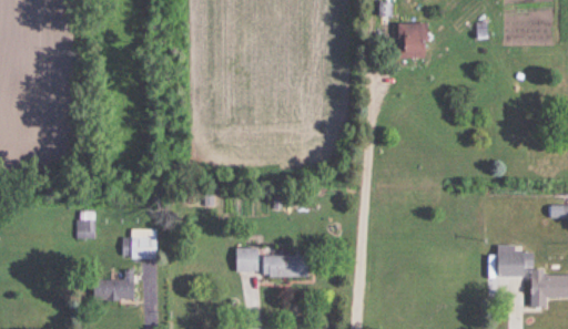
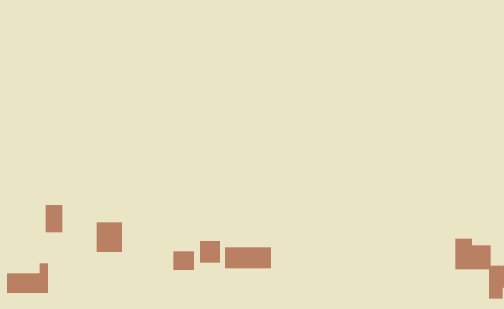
building: [396,22,426,56] -> none
building: none -> [173,251,194,271]
building: [91,269,134,300] -> [6,263,49,293]

